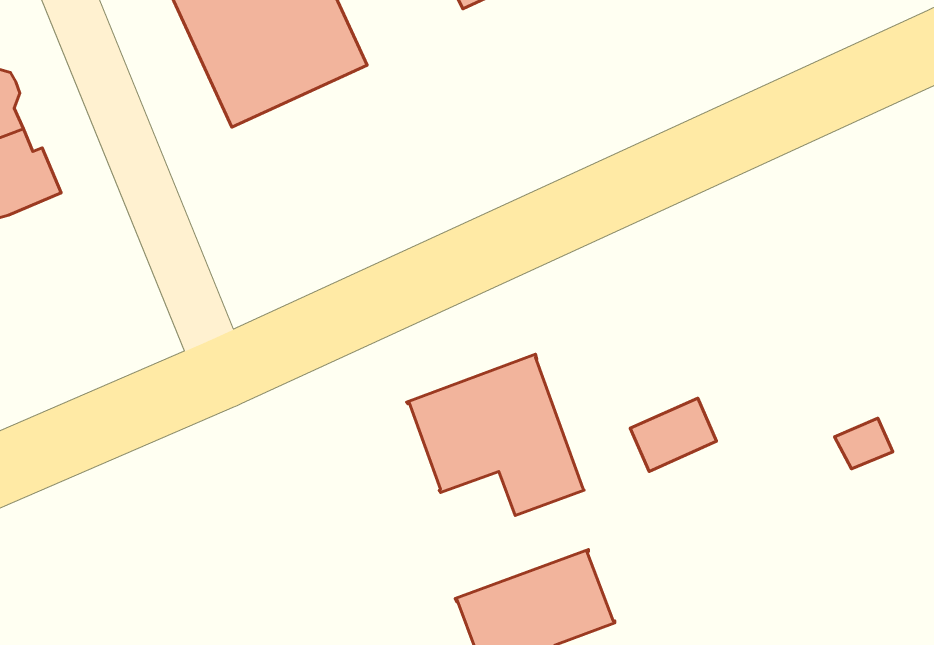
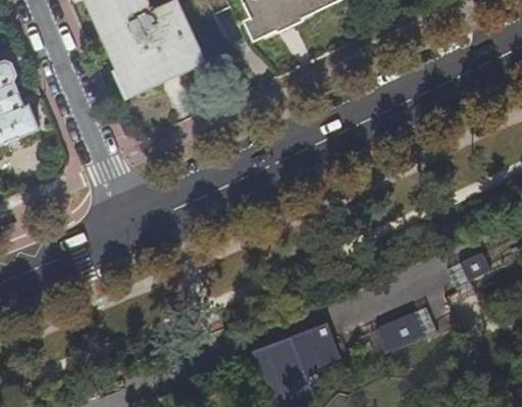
building: [406,354,584,516] -> none
building: [630,398,717,471] -> [376,313,423,353]

